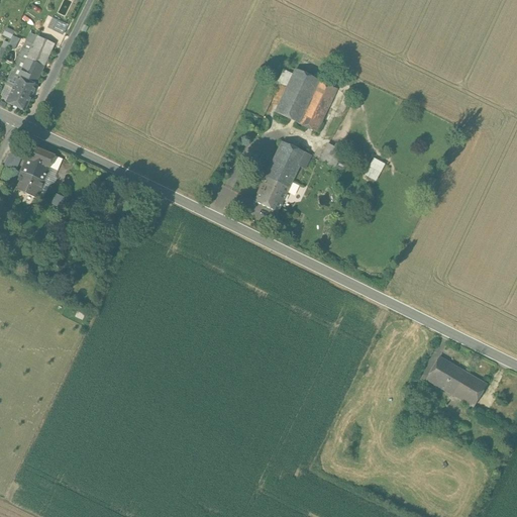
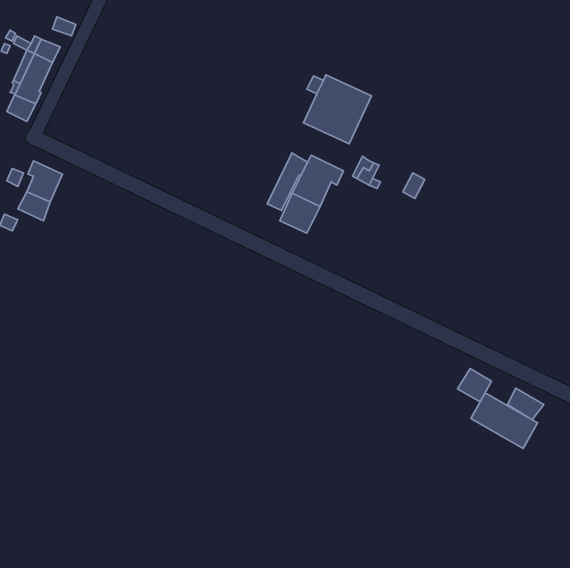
building: none -> [267,153,307,210]
building: none -> [458,368,492,402]
building: none -> [508,388,544,420]

